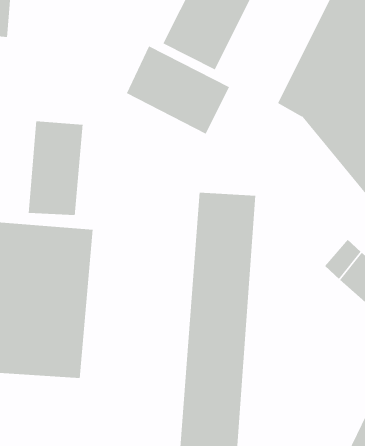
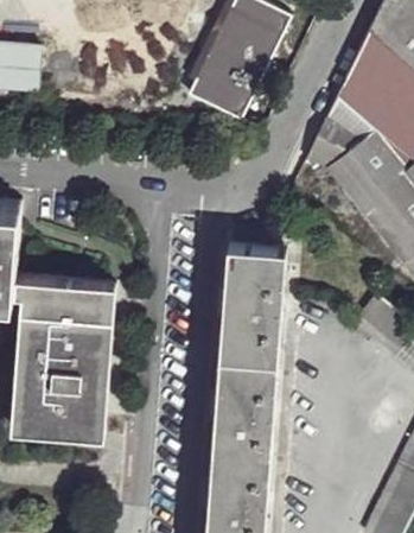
building: [126,46,230,135] -> none
building: [28,120,83,216] -> none

